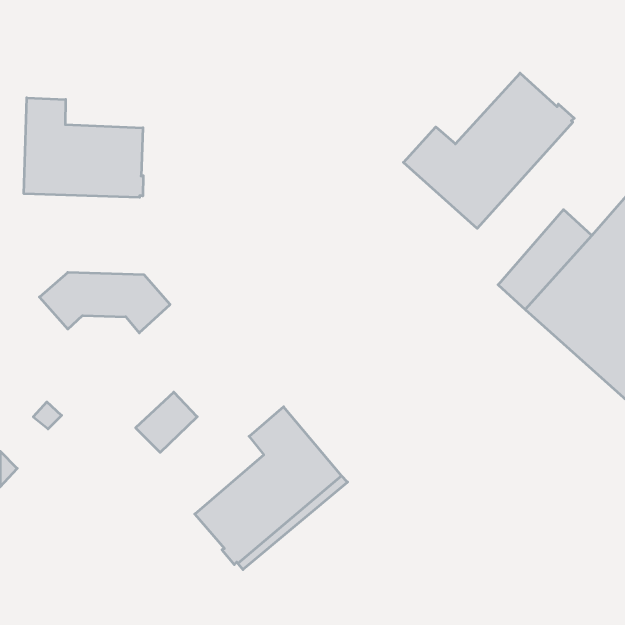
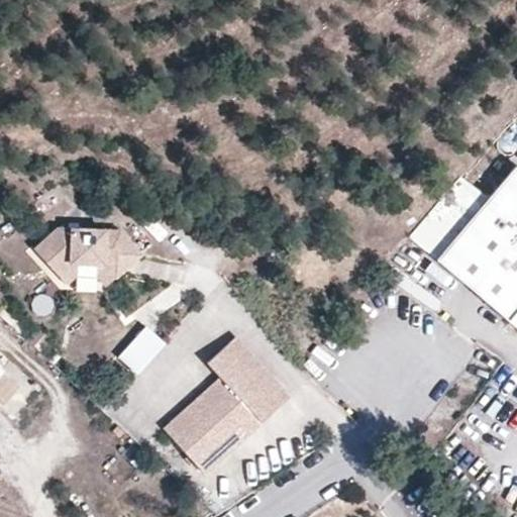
building: [403,73,574,228] -> none
building: [24,98,143,197] -> none
building: none -> [60,263,118,286]

